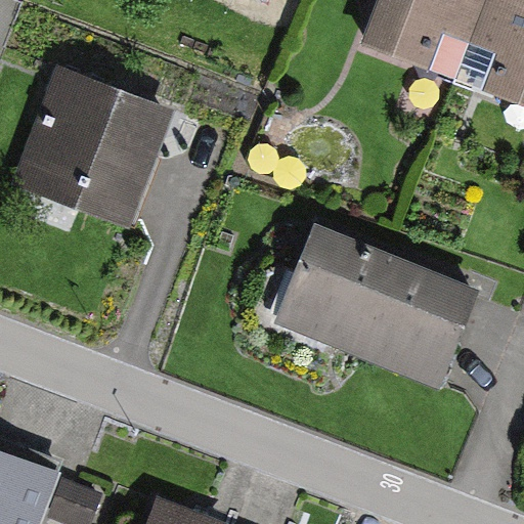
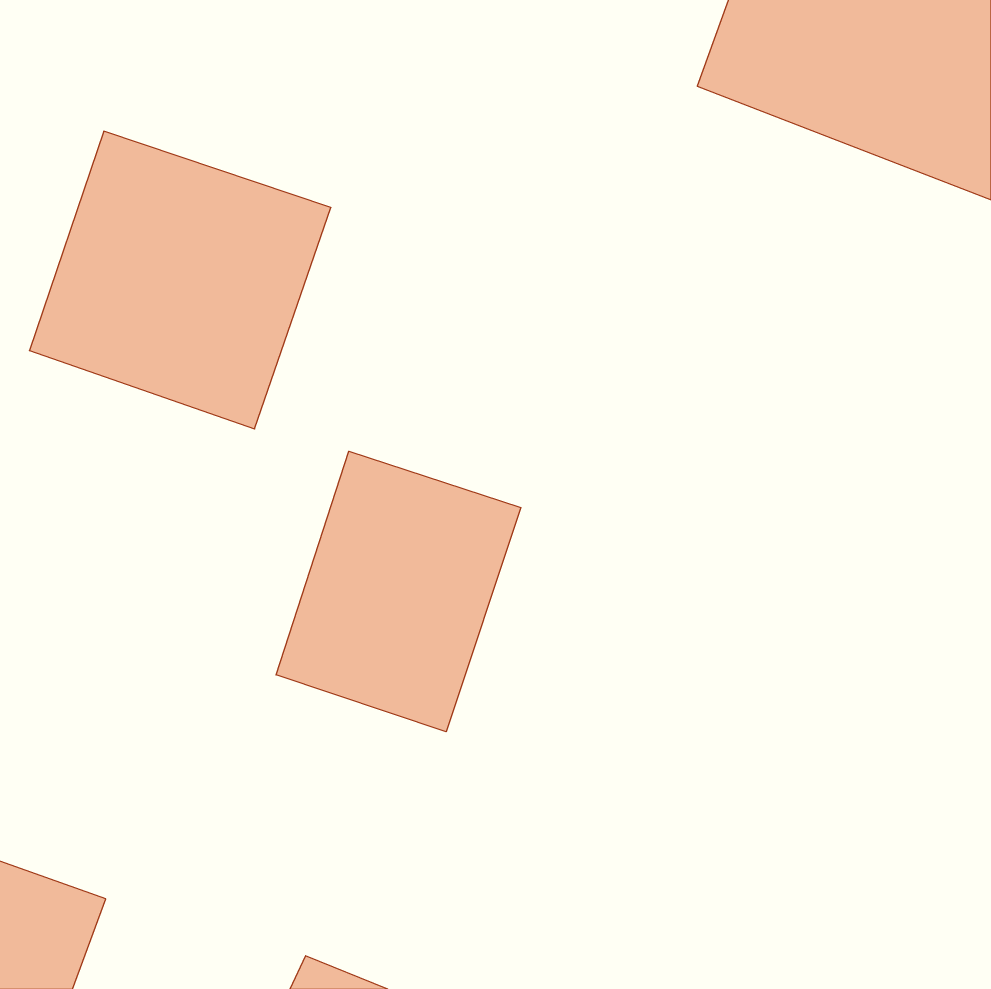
building: [278,231,475,380] -> none
building: none -> [276,451,521,732]

